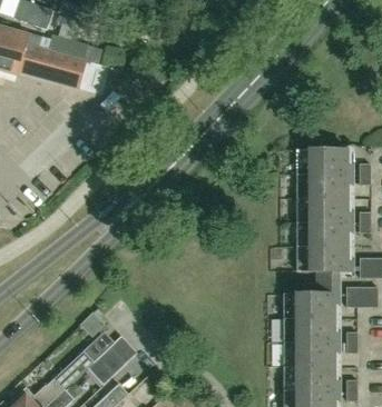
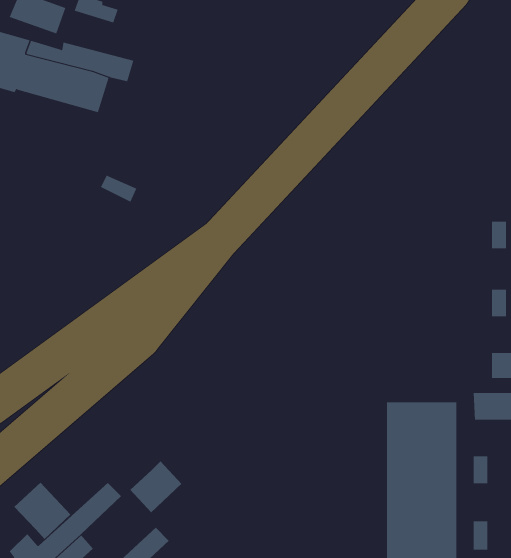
building: [297,149,350,284] -> none
building: none -> [14,482,71,540]

